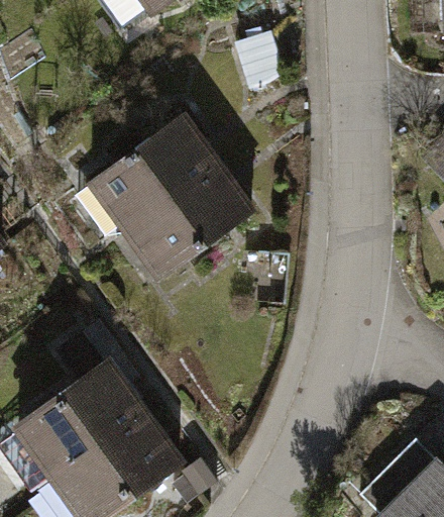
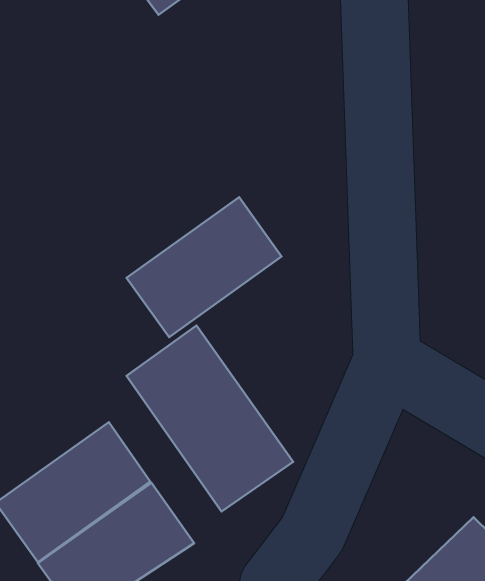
building: [86,117,218,236] -> none
building: none -> [126,326,293,512]

